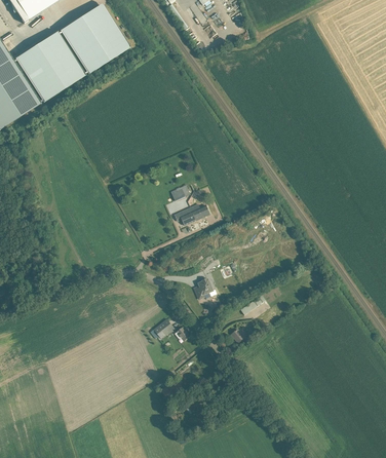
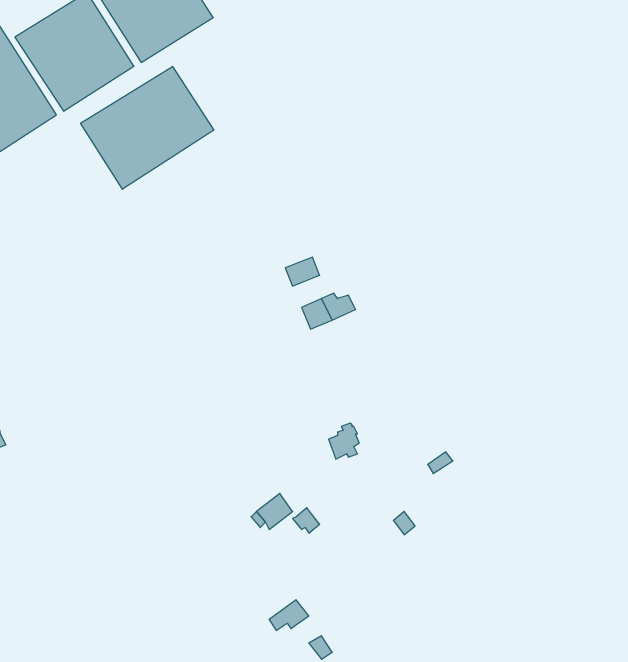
building: none -> [81,66,214,189]

